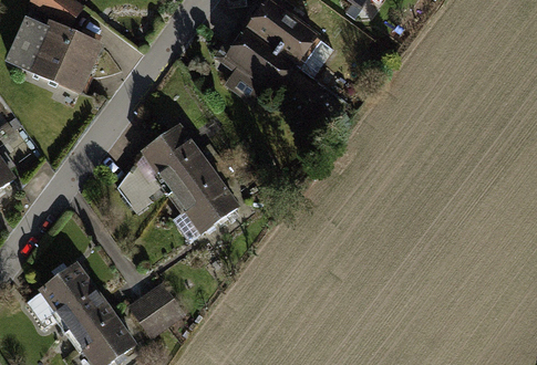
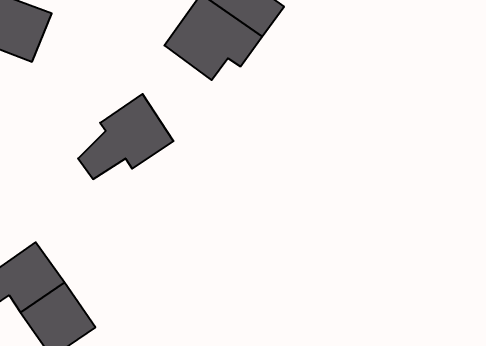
building: [173,166,240,241] -> none
building: [130,285,179,334] -> none

